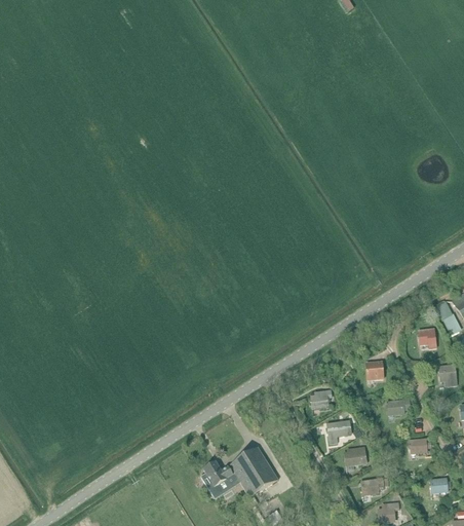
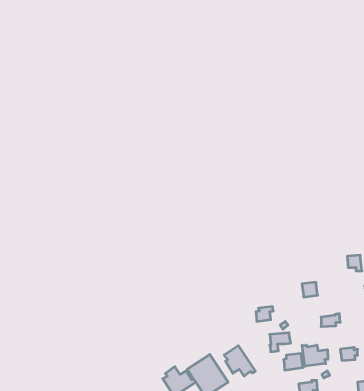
building: none -> [302,345,328,366]
building: none -> [224,346,255,376]

